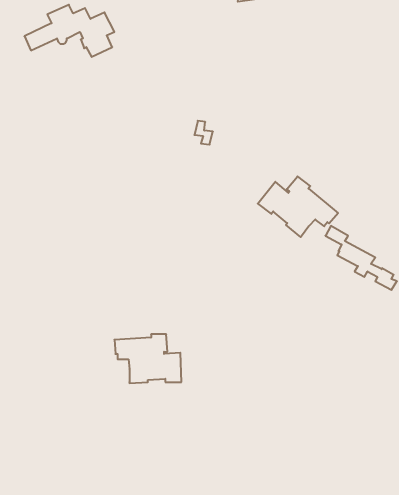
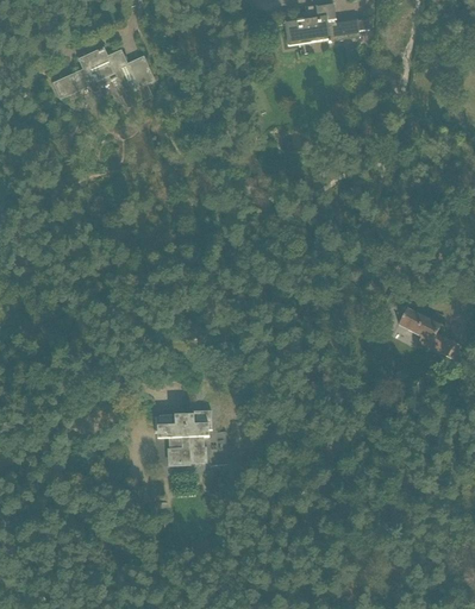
building: [258,176,338,237] -> none

